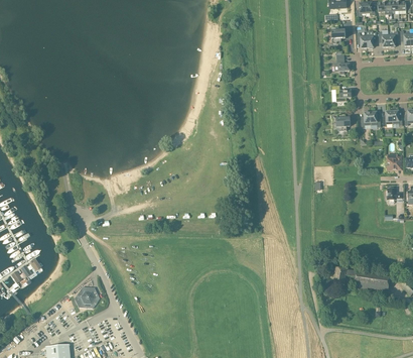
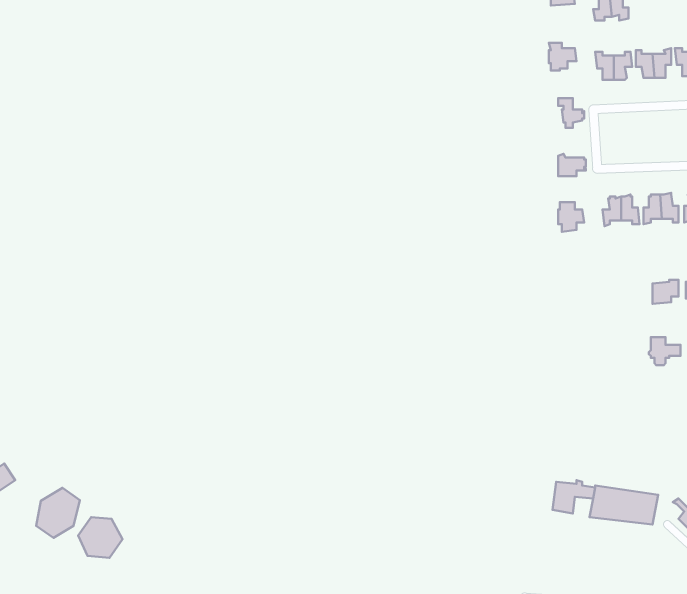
building: none -> [36,488,80,538]

